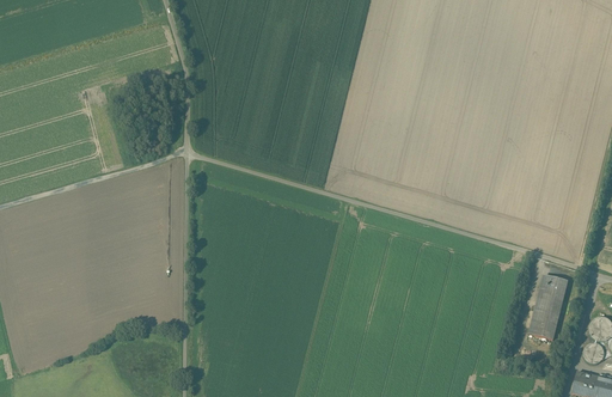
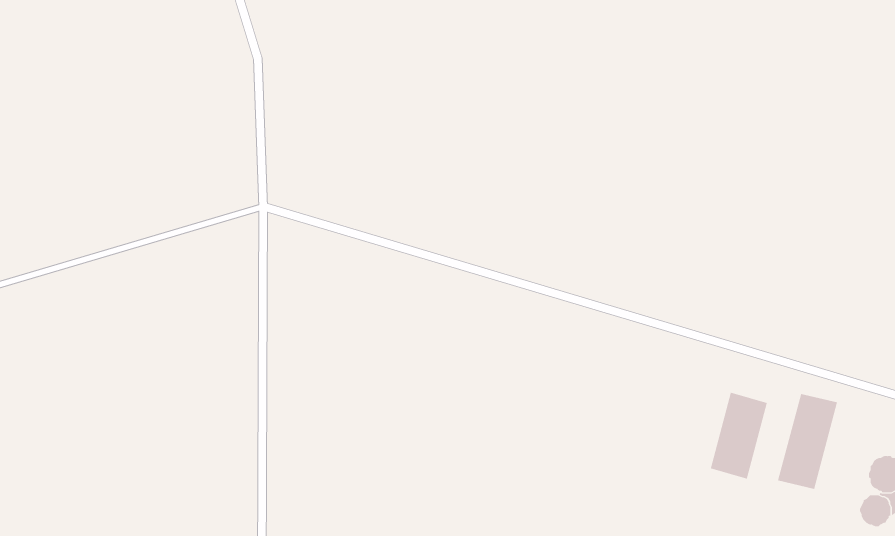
building: none -> [710,392,767,480]

